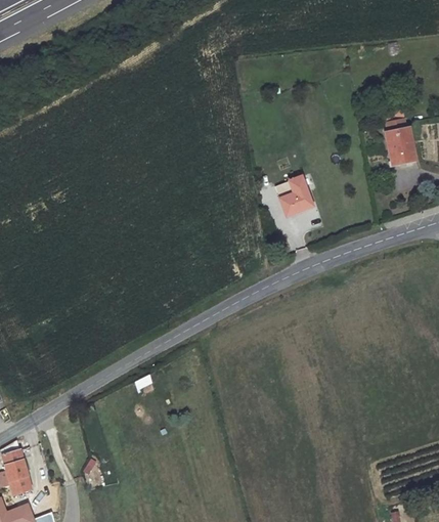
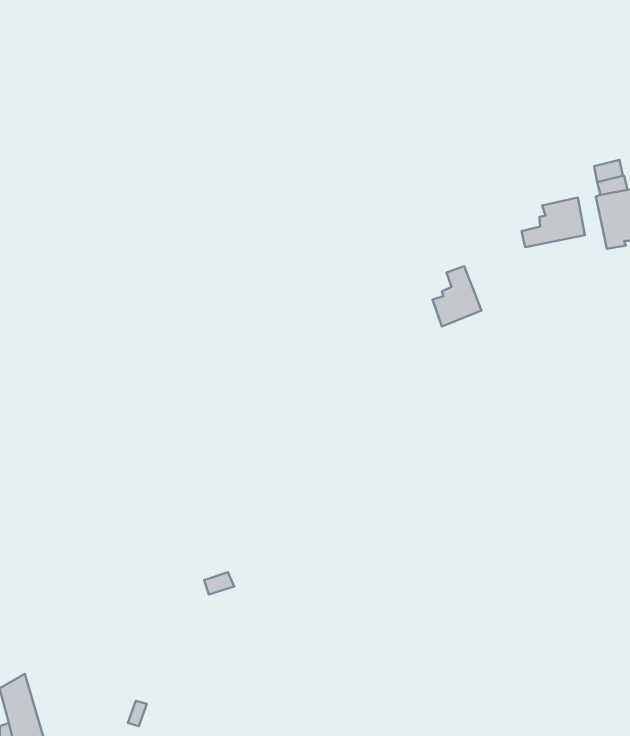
building: none -> [521,198,585,247]

